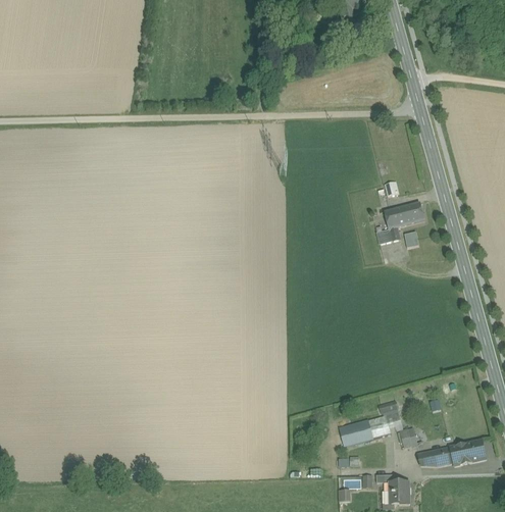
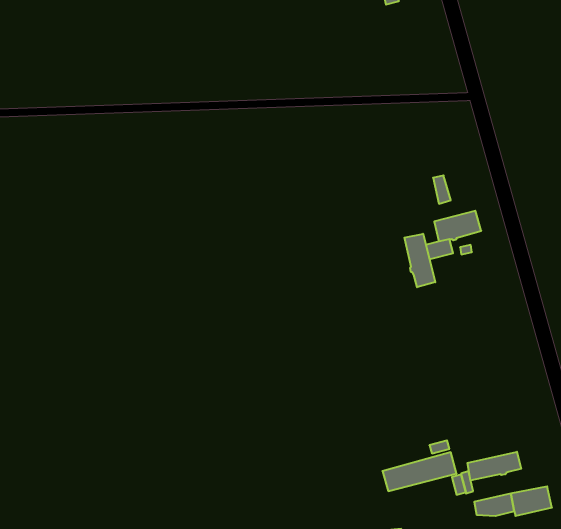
building: none -> [404,234,435,287]
building: none -> [467,452,521,480]

